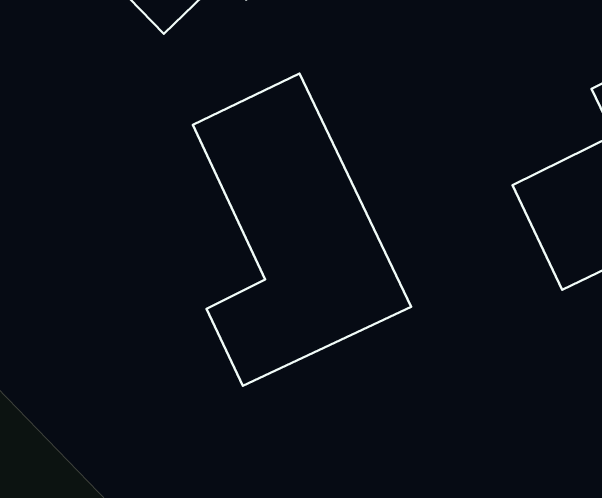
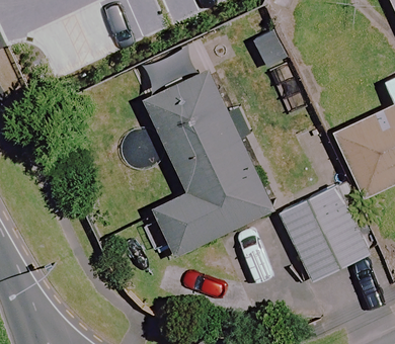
building: none -> [276,177,377,282]

